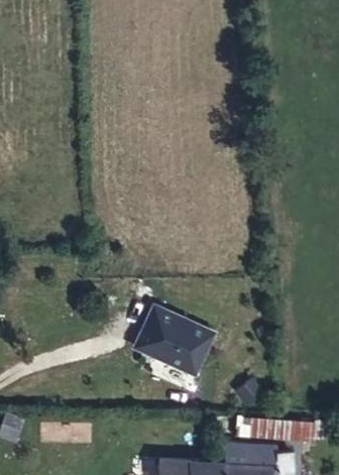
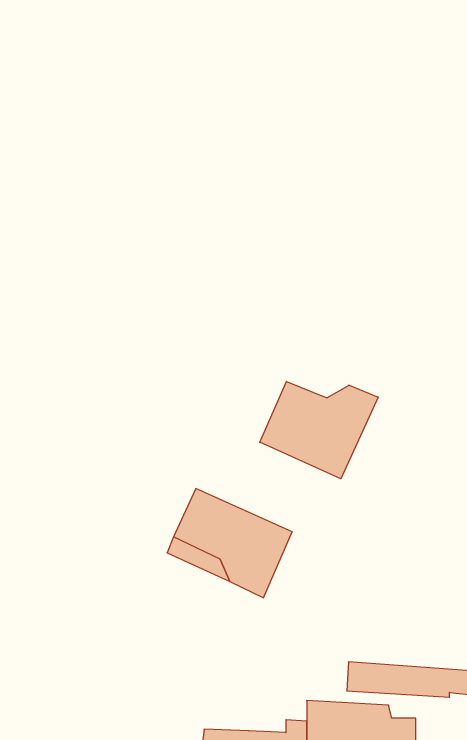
building: none -> [260,381,378,479]

